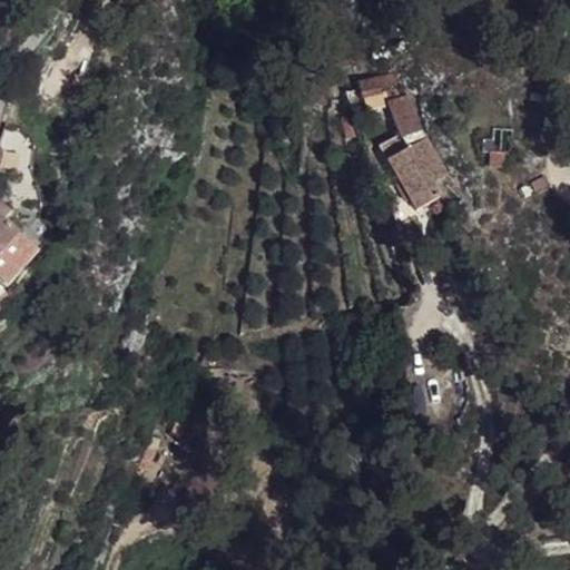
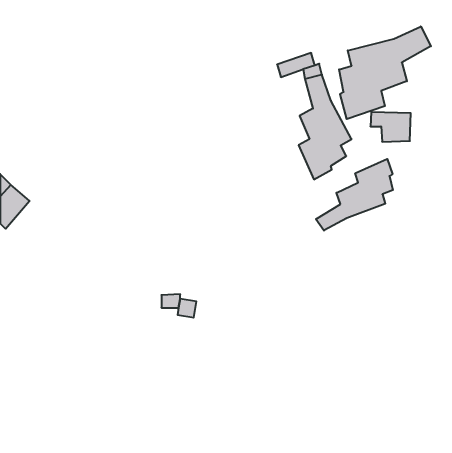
building: none -> [339,26,431,119]
building: none -> [316,159,393,231]

